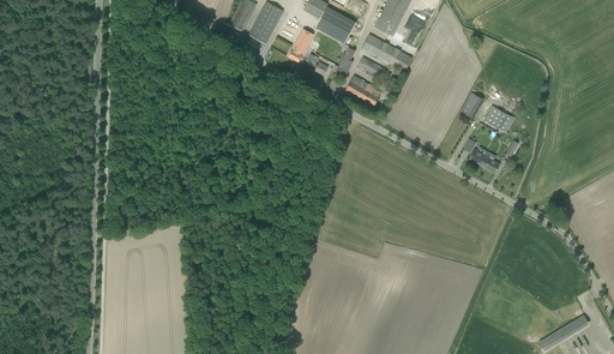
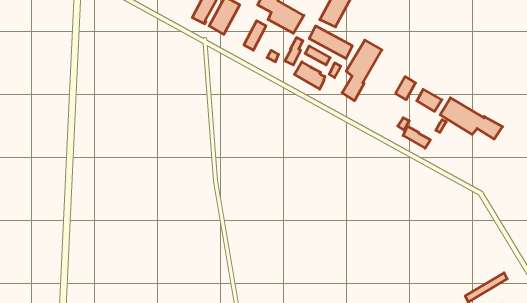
building: none -> [342,40,382,101]
building: none -> [440,98,503,139]

